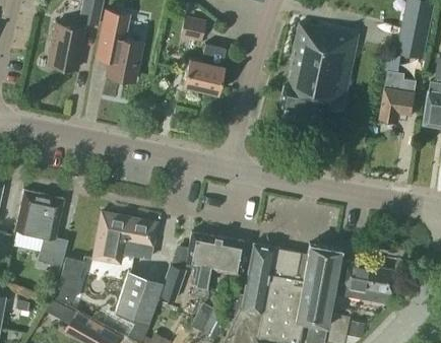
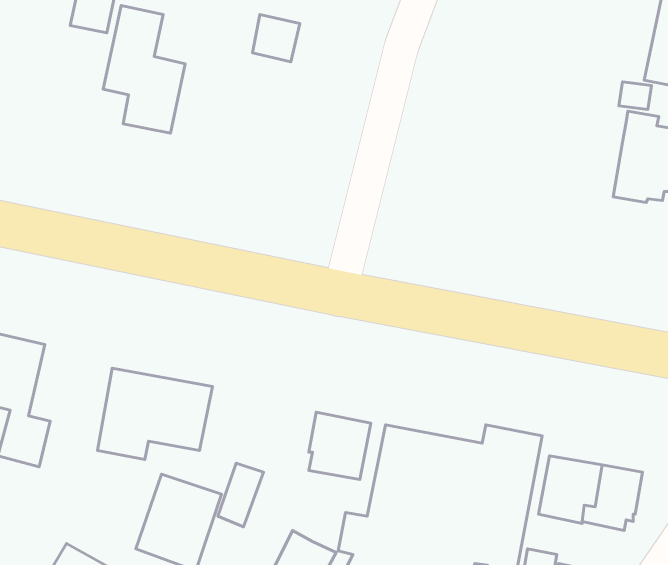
building: [279,23,359,123] -> none
building: [48,24,84,71] -> none
building: [182,45,226,93] -> none
building: [185,232,214,298] -> none
building: [55,258,82,302] -> none

